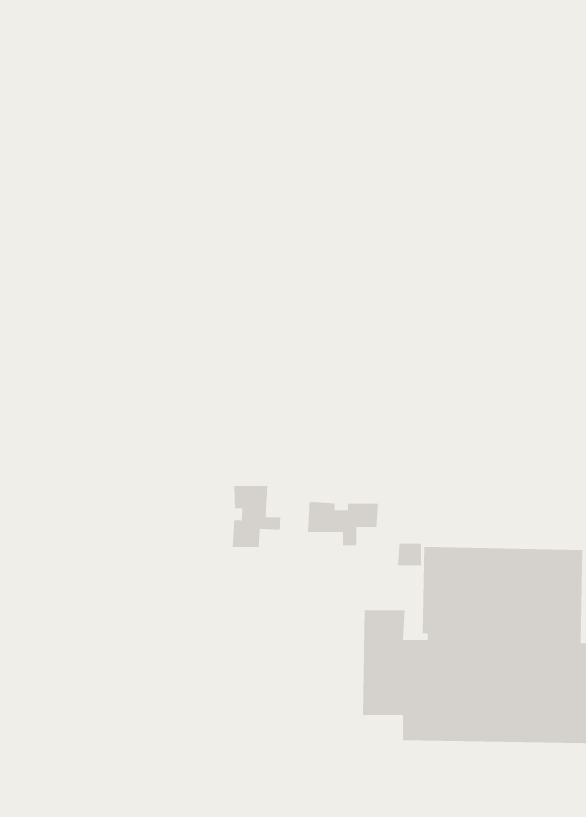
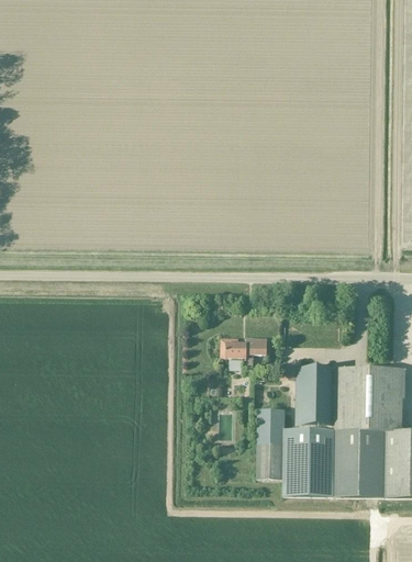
building: [232,485,281,548] -> none

